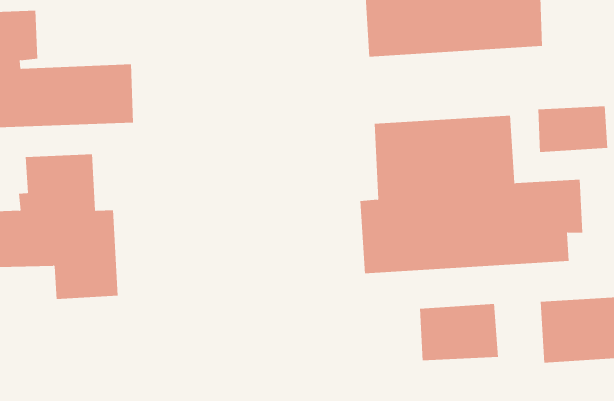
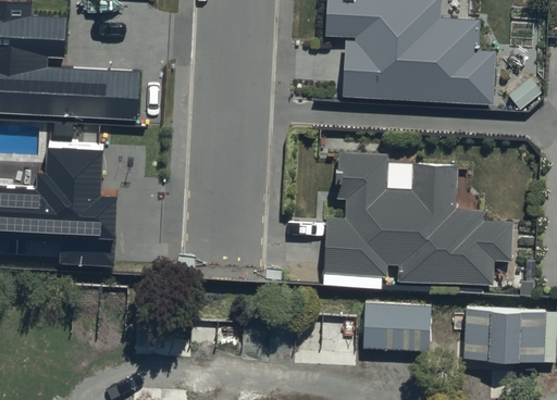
building: [538,105,608,153] -> none

